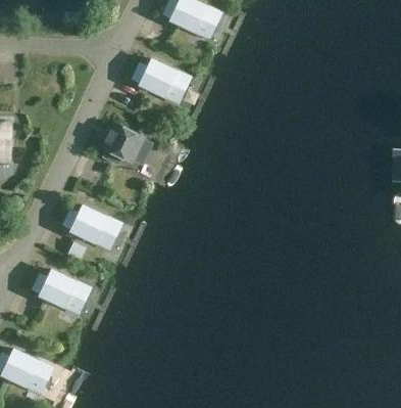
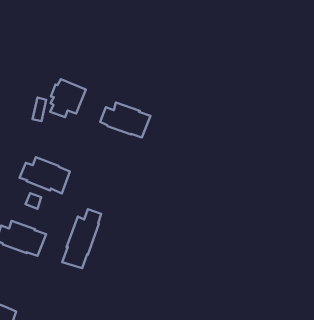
building: [133,60,187,100] -> [100,102,151,138]
building: none -> [62,209,101,268]

